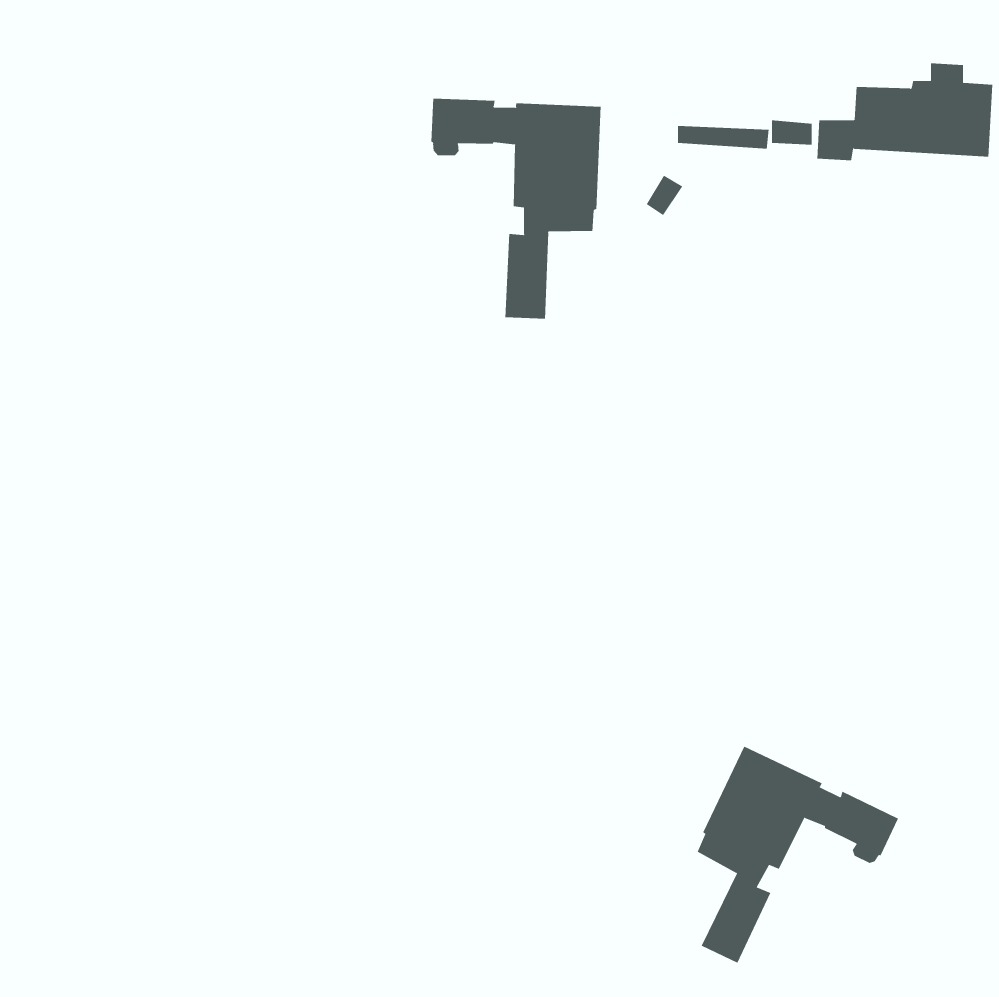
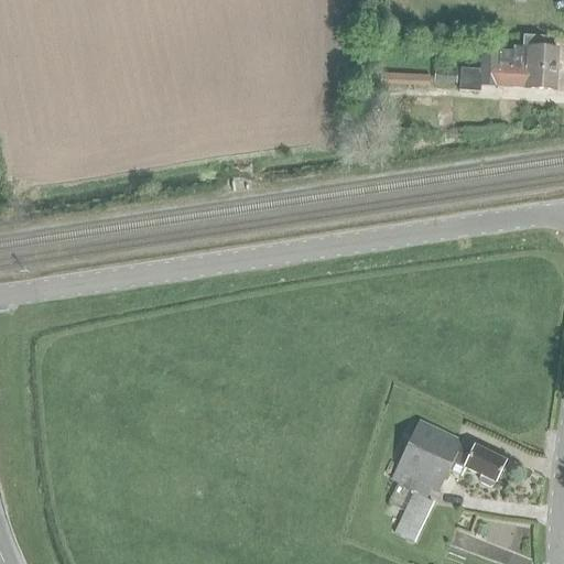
building: [431,98,601,320] -> none

